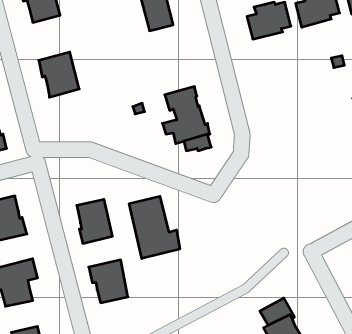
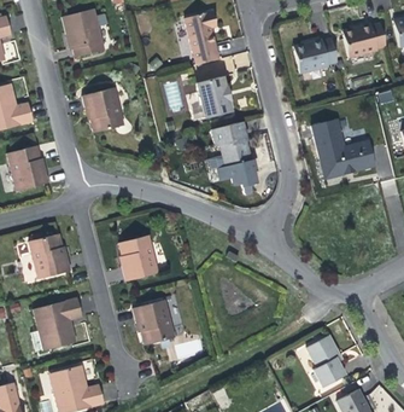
building: none -> [193,79,229,120]
building: none -> [311,121,375,181]
building: [129,196,180,259] -> none

